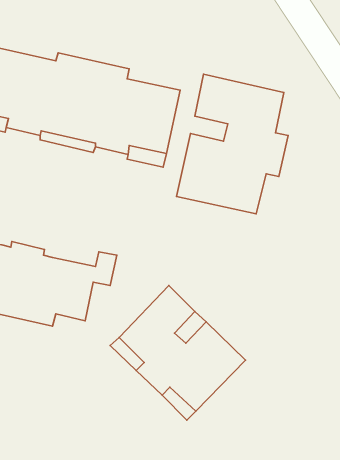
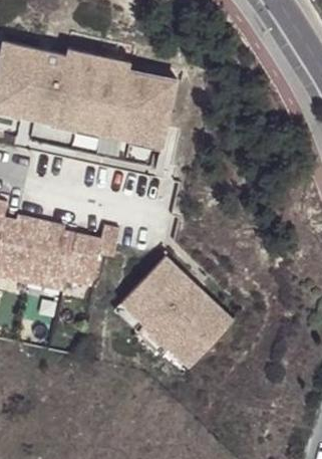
building: [177,74,288,214] -> none

